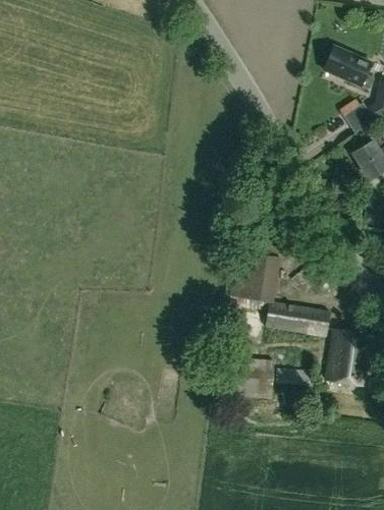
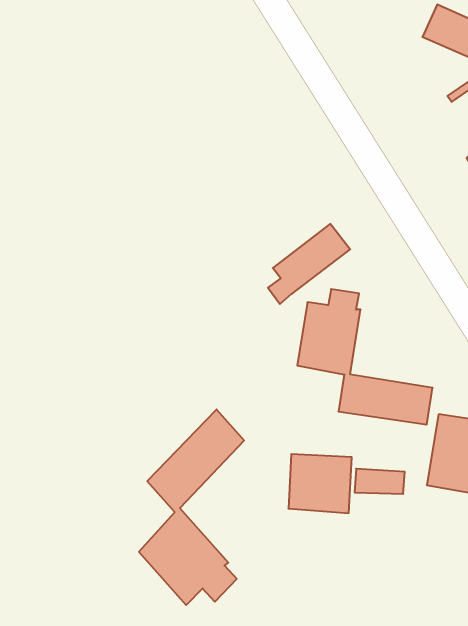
building: none -> [268,224,350,304]
building: none -> [139,409,244,605]

